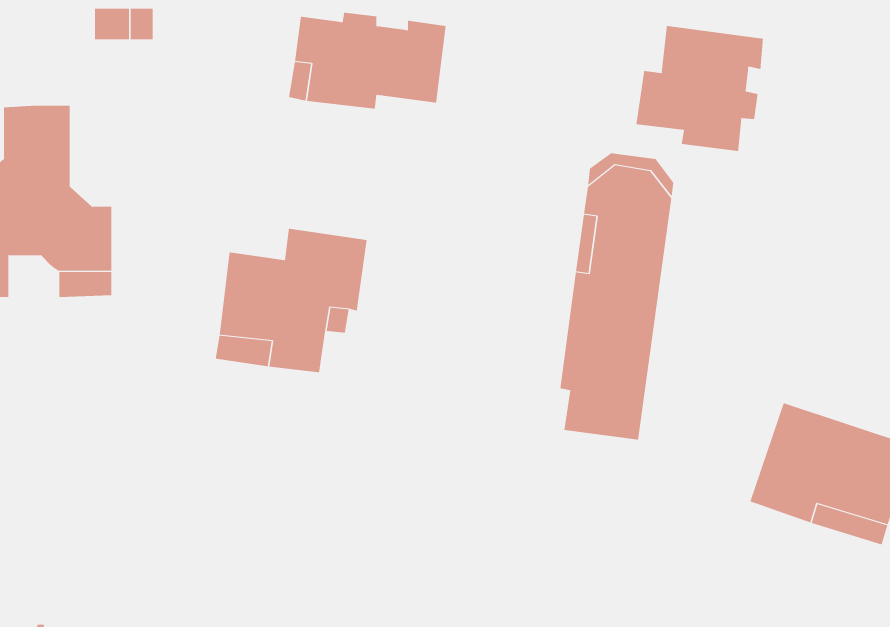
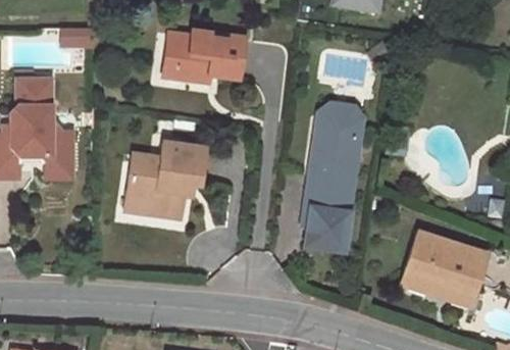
building: [636,25,764,152] -> none

